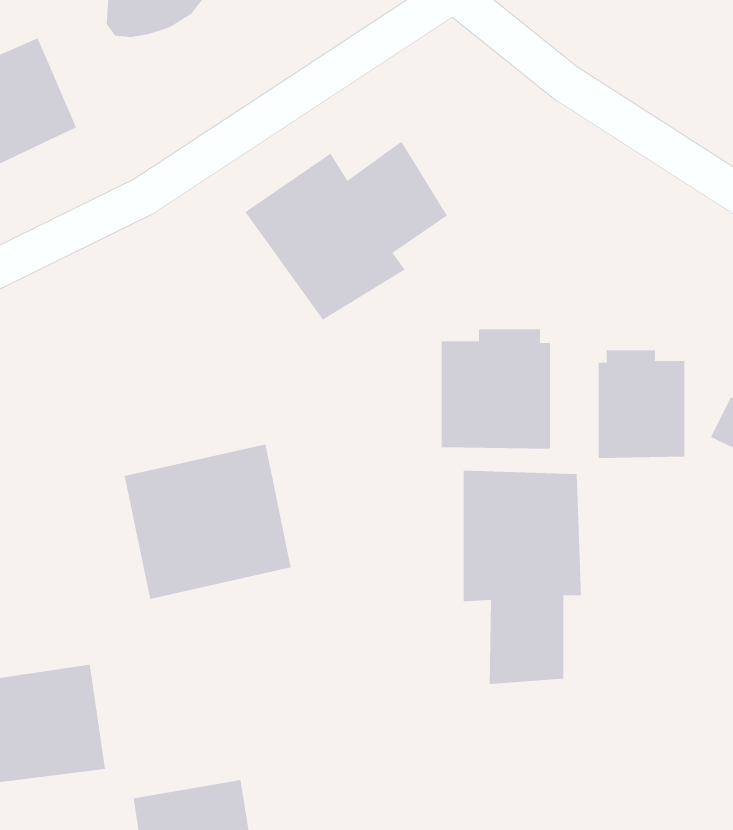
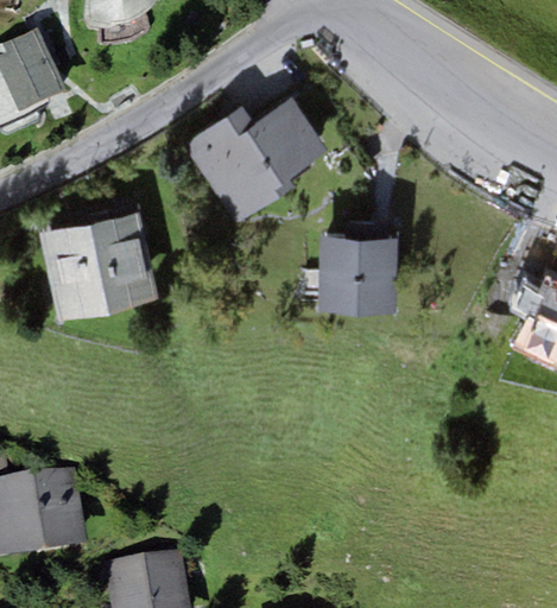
building: [598,349,685,459] -> none
building: [124,444,292,600] -> [39,214,157,323]
building: [463,470,581,685] -> none

